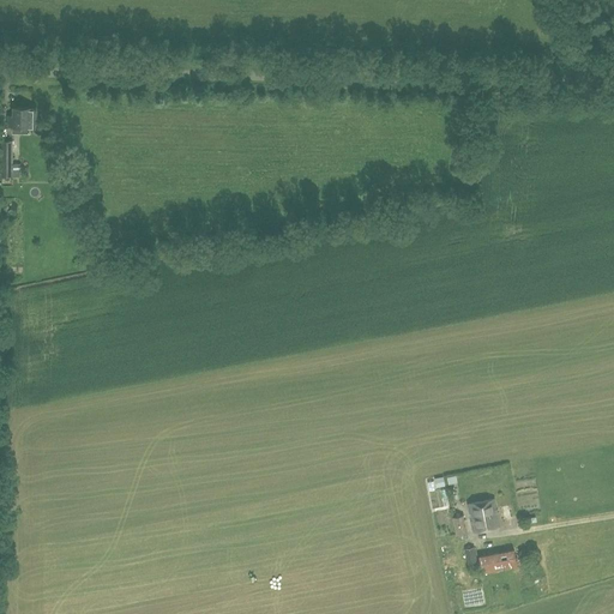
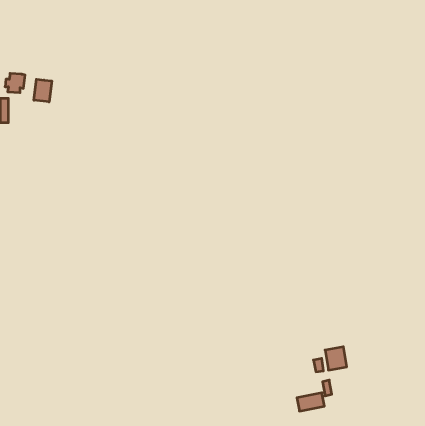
building: none -> [34,79,52,102]
building: [477,548,517,574] -> [297,393,324,411]

